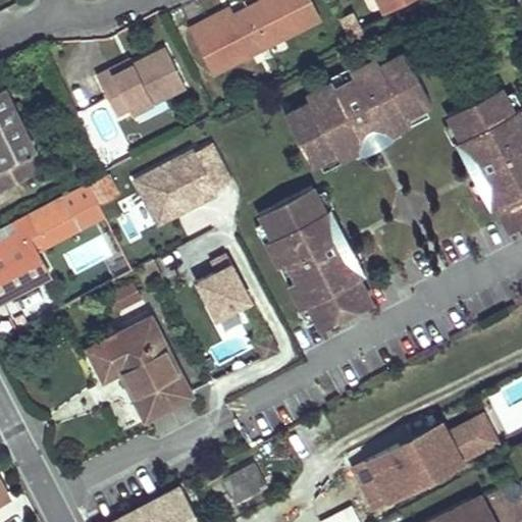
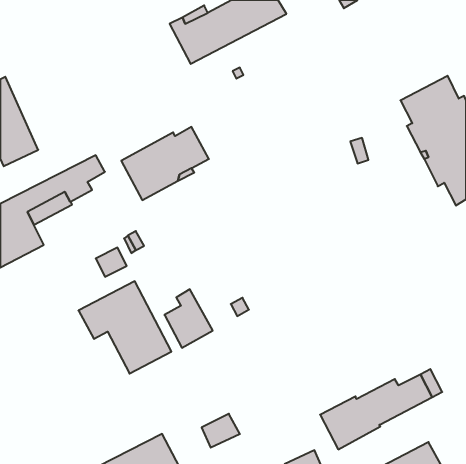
building: [96,49,185,117] -> none
building: [284,54,431,167] -> none
building: [259,188,372,331] -> none
building: [198,255,252,320] -> [164,289,213,348]

